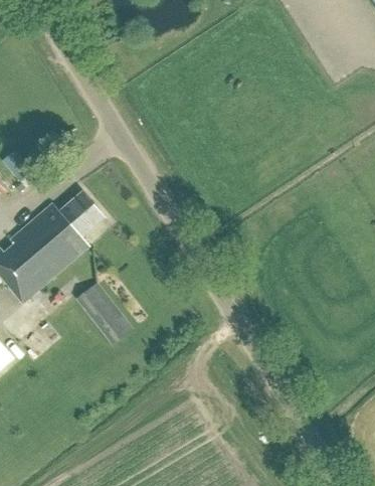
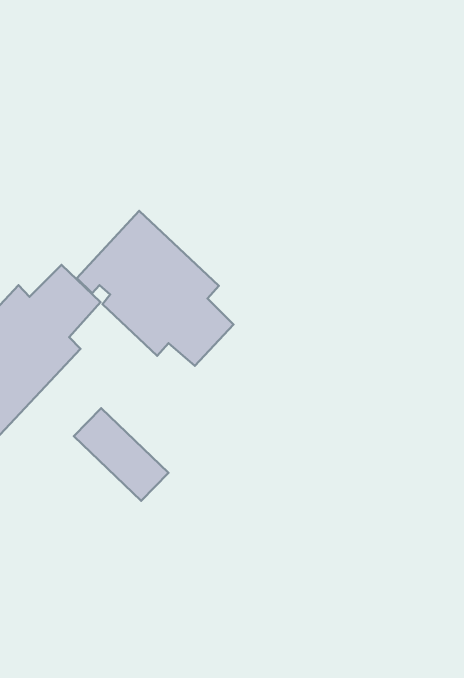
building: none -> [77,211,234,366]

